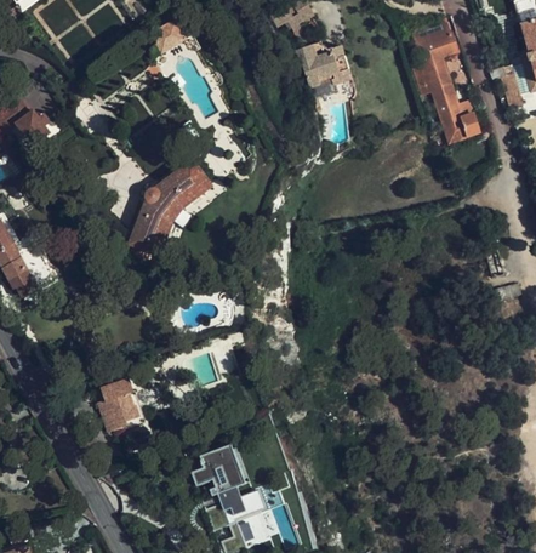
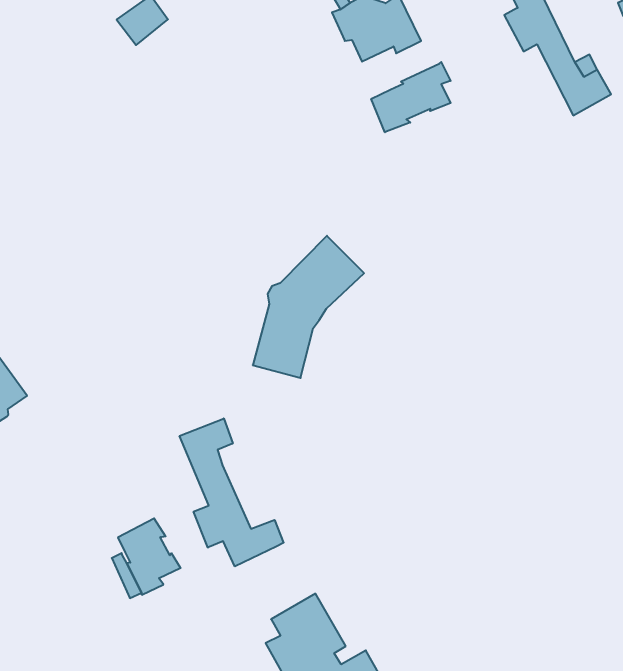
building: none -> [371,62,451,132]
building: [129,156,213,251] -> [253,236,364,378]
building: none -> [180,418,284,566]

